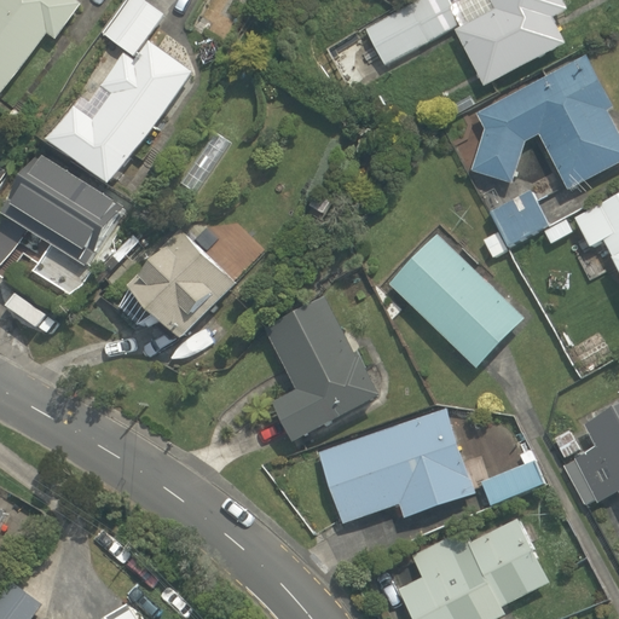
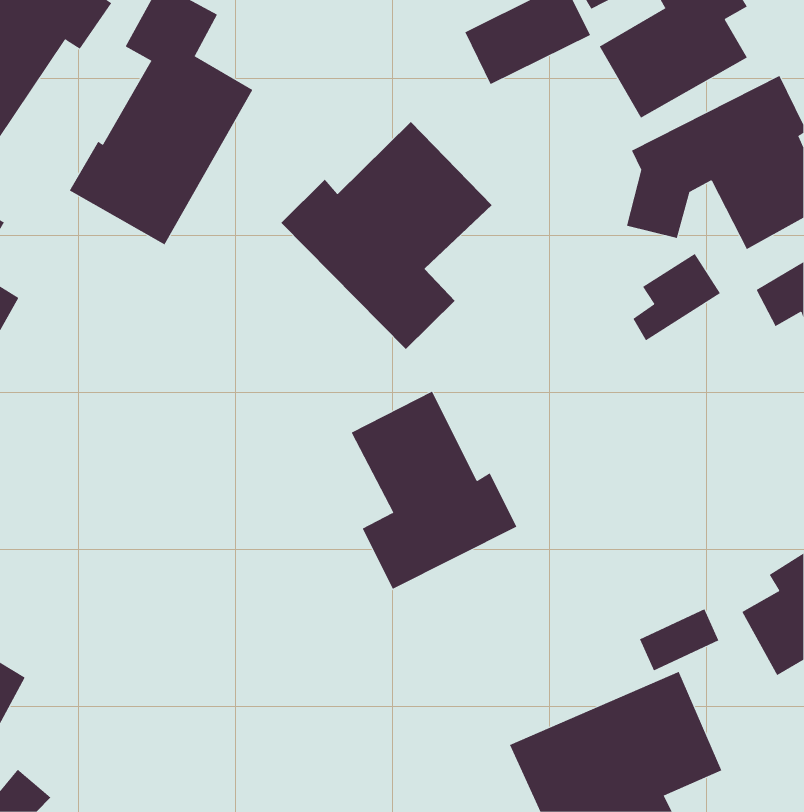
building: none -> [280,121,493,350]
building: [19,161,123,262] -> none
building: [106,221,253,345] -> none
building: [386,233,526,372] -> none
building: [314,407,472,526] -> none

